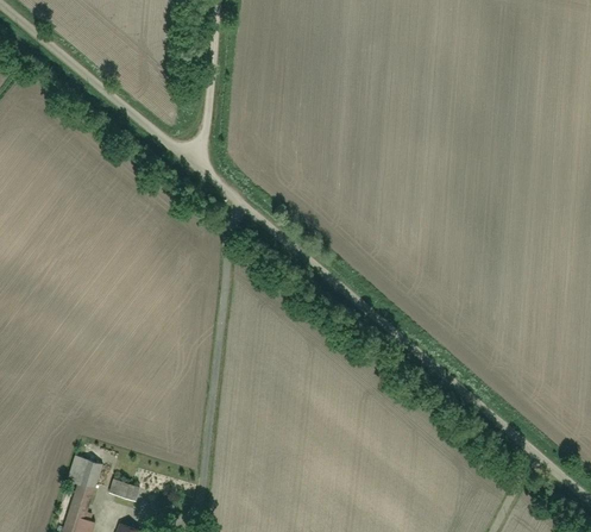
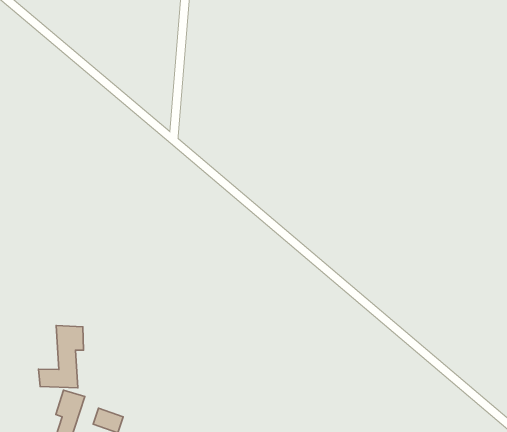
building: none -> [39,326,84,388]

